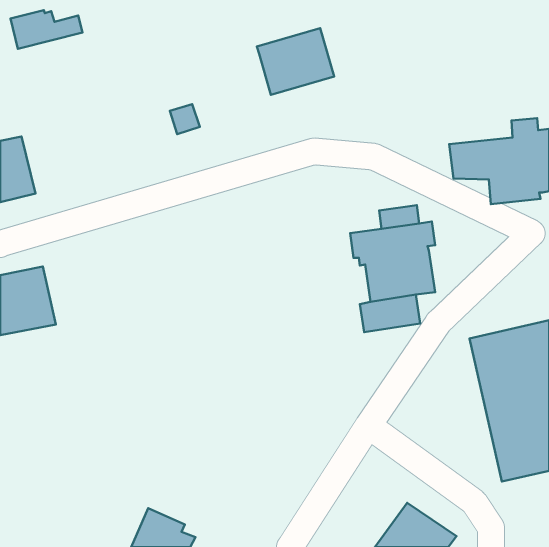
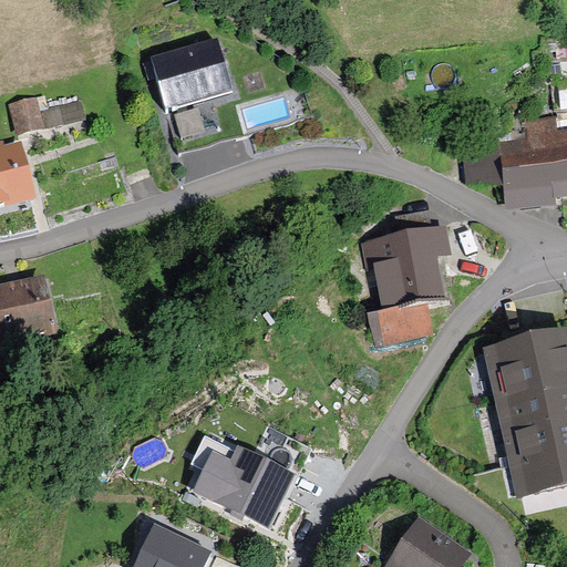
building: [10,10,82,49] -> [10,95,84,135]
building: [257,28,334,95] -> [153,41,233,110]
building: none -> [192,425,308,539]

